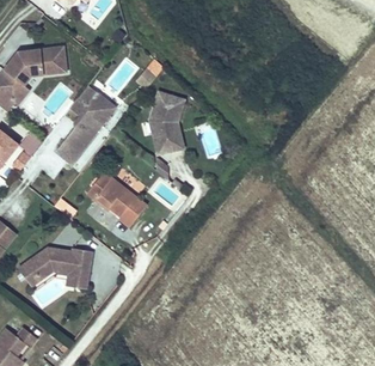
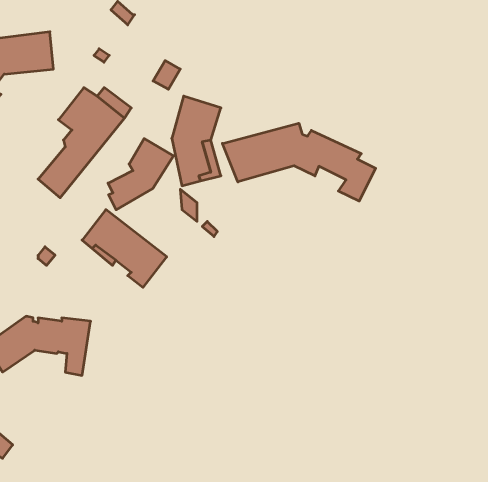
building: none -> [222,123,376,201]
building: none -> [108,139,174,210]

